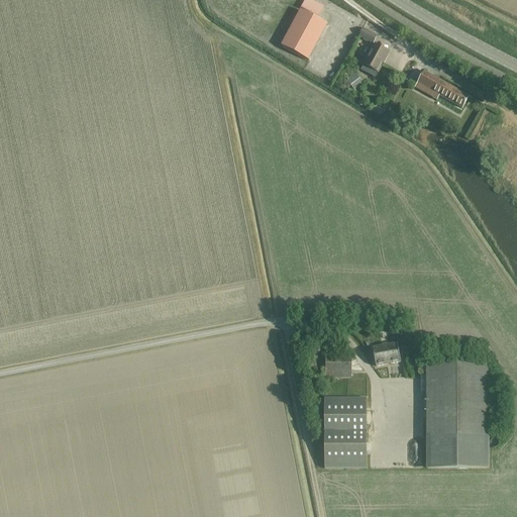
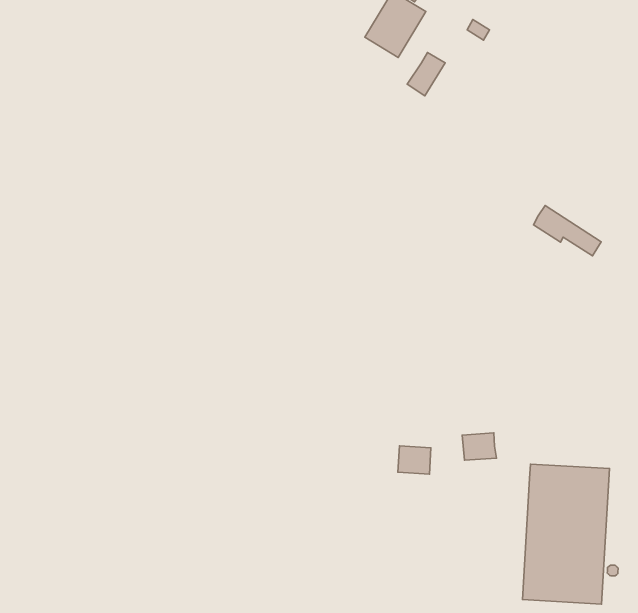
building: [359,42,388,76] -> [407,52,445,96]
building: [415,70,468,106] -> [534,206,601,256]
building: [323,396,366,468] -> none

